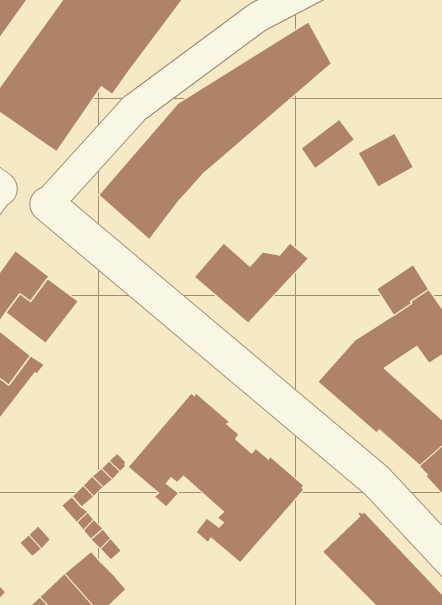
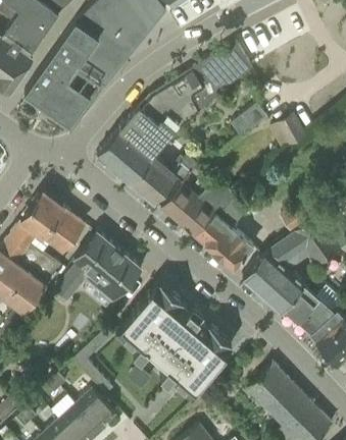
building: none -> [131,156,197,203]
building: none -> [196,197,252,270]
building: none -> [55,232,141,301]

